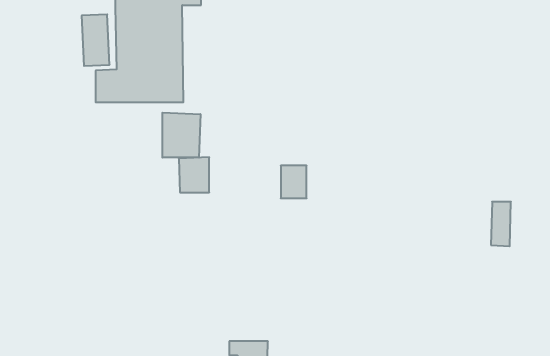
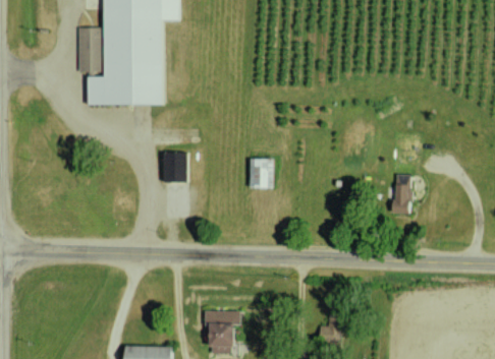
building: [162,113,200,158] -> none
building: [491,202,511,246] -> [393,175,410,214]

